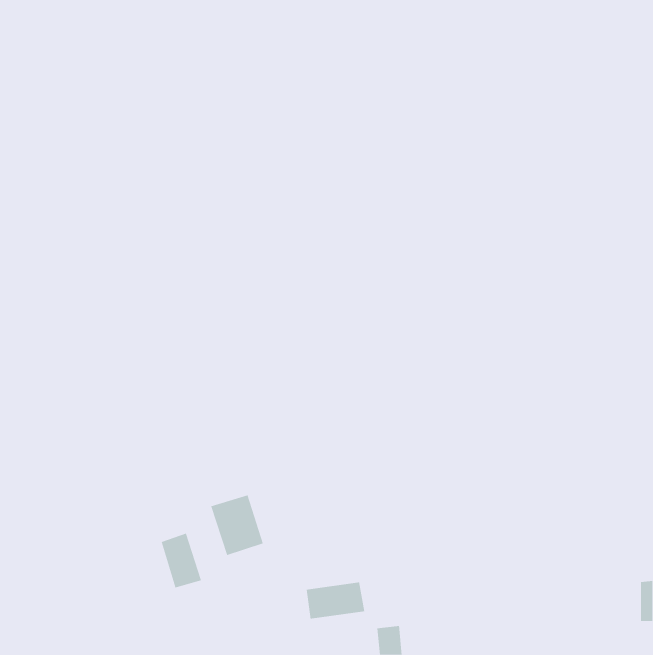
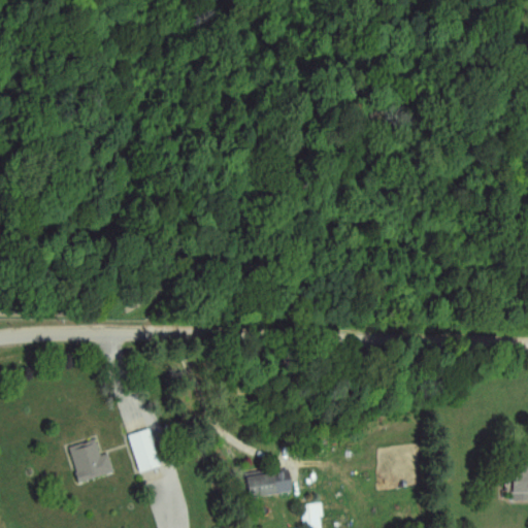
building: [211,495,263,556] -> none
building: none -> [69,439,114,482]

